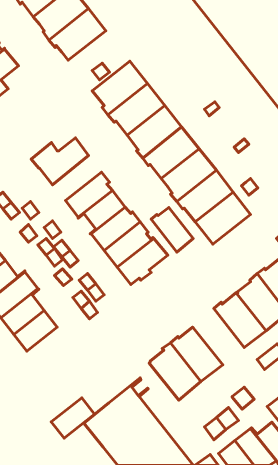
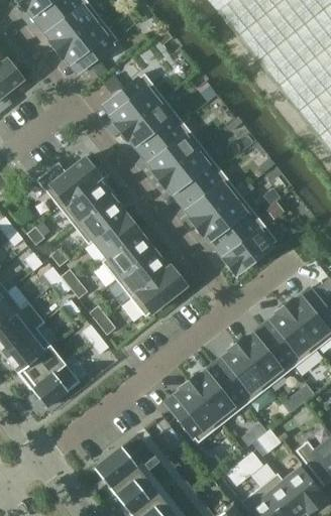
building: none -> [60,175,113,225]
building: [151,207,193,252] -> none
building: none -> [214,343,269,404]
building: [51,398,95,438] -> [31,363,79,407]

